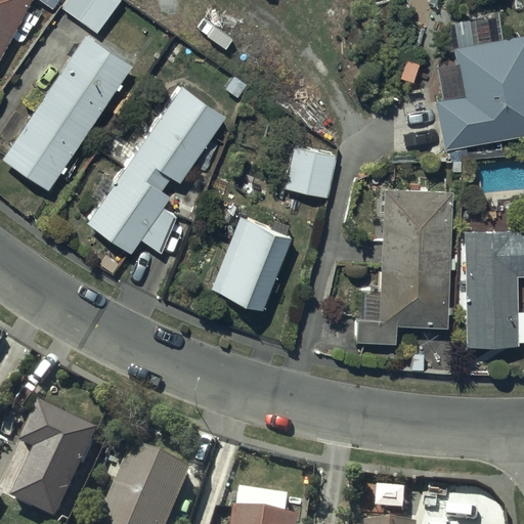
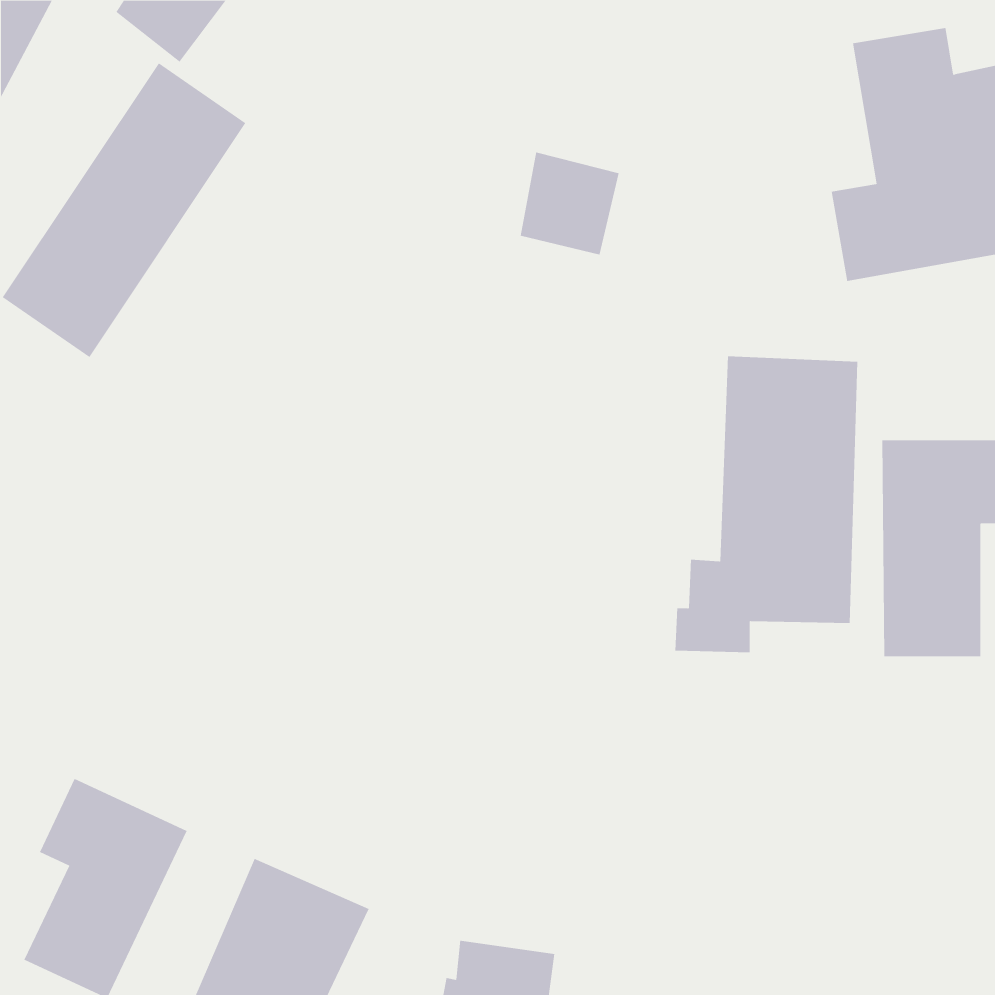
building: [88,87,225,254] -> none
building: [286,144,338,199] -> [520,152,620,255]
building: [211,216,294,310] -> none

